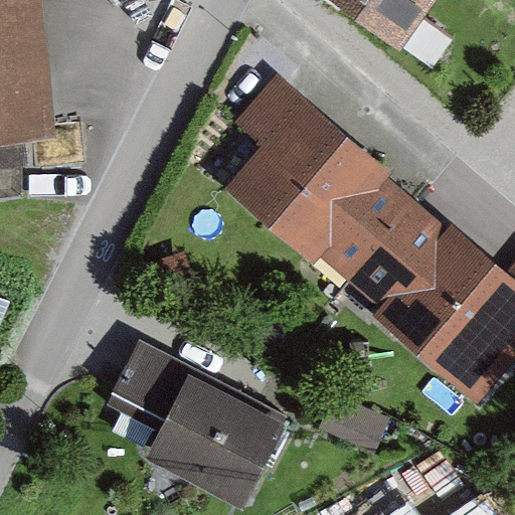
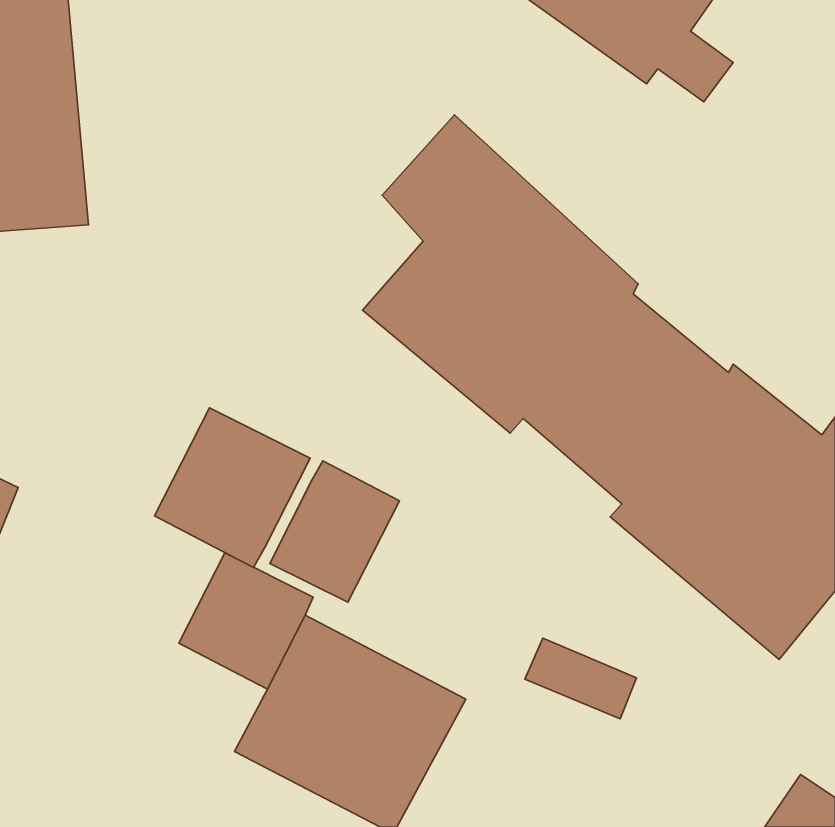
building: none -> [154,408,310,567]
building: none -> [270,461,400,602]

